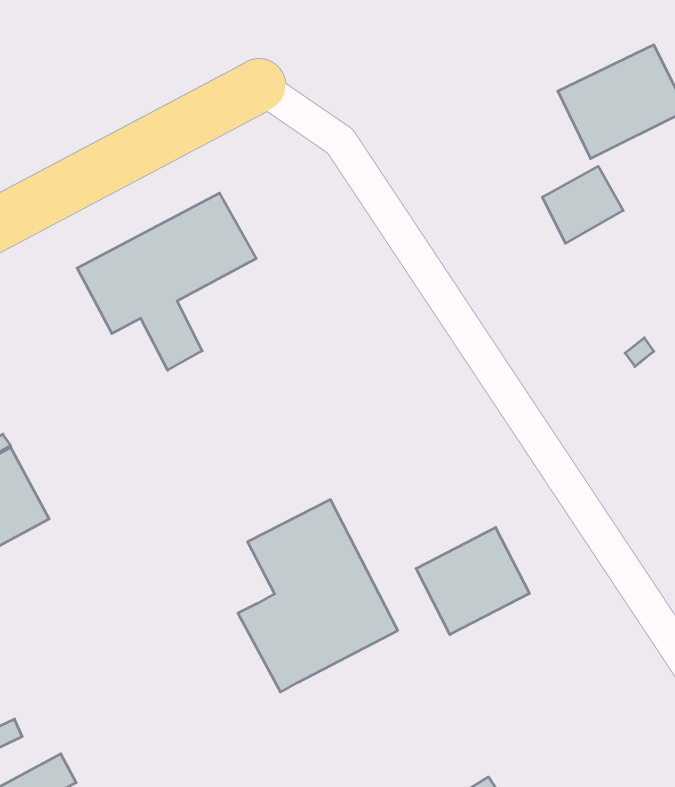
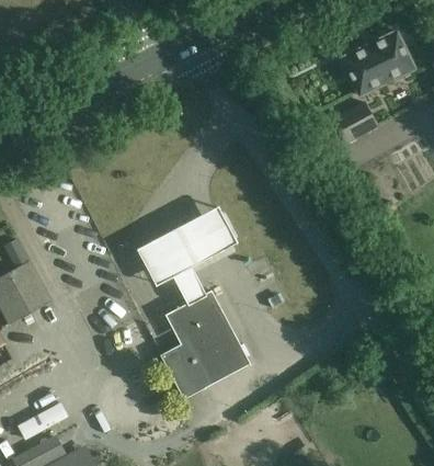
building: [77,193,256,370] -> [137,207,239,308]
building: [416,527,529,635] -> none

